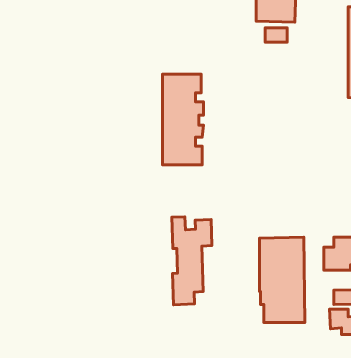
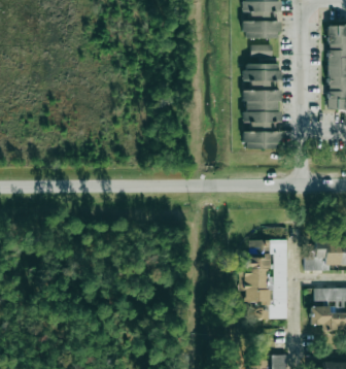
building: [162,74,203,165] -> [244,64,282,148]
building: [172,217,212,305] -> none

